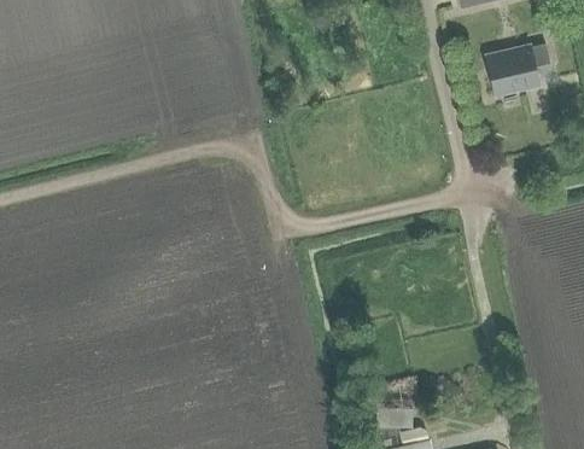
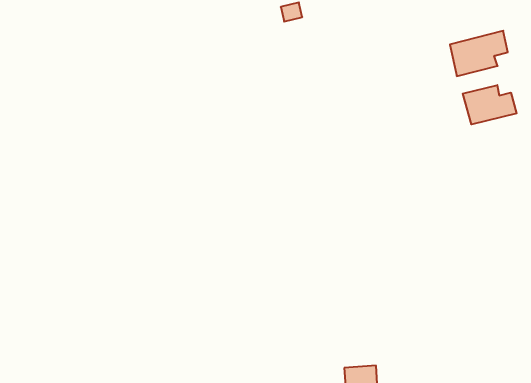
building: none -> [463,85,517,124]

